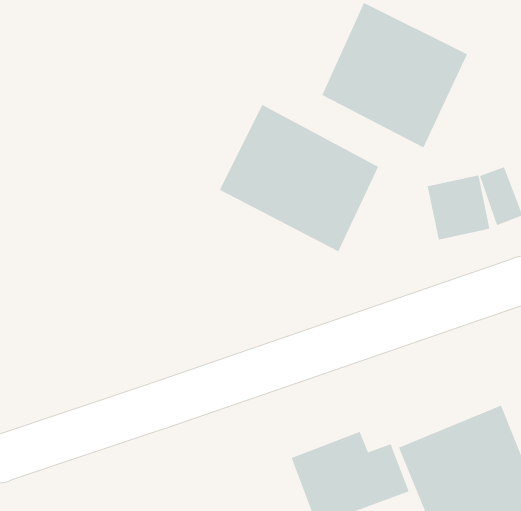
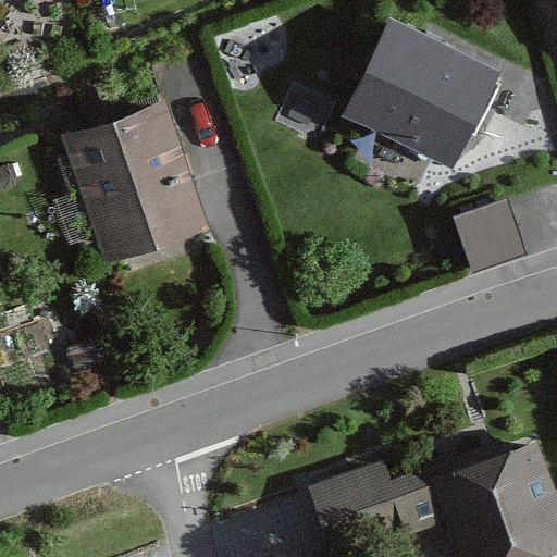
building: none -> [72,113,205,262]
building: [219,104,379,252] -> none

